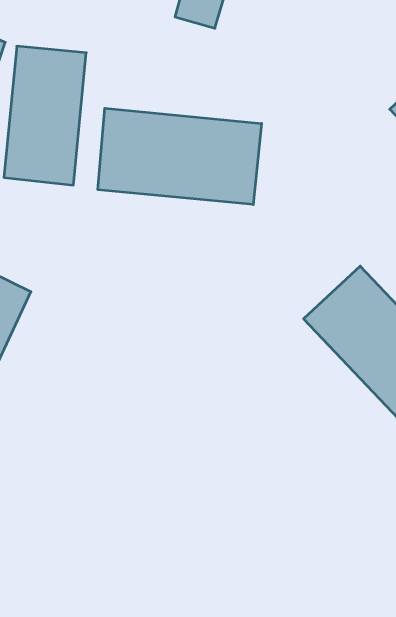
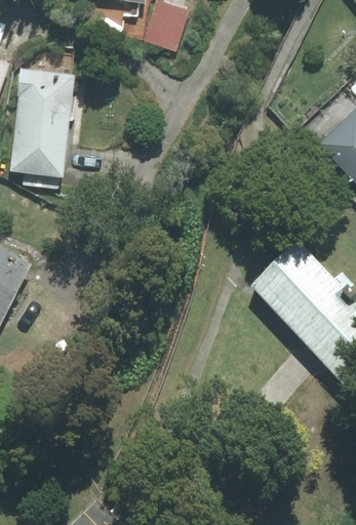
building: [98,108,262,205] -> none

